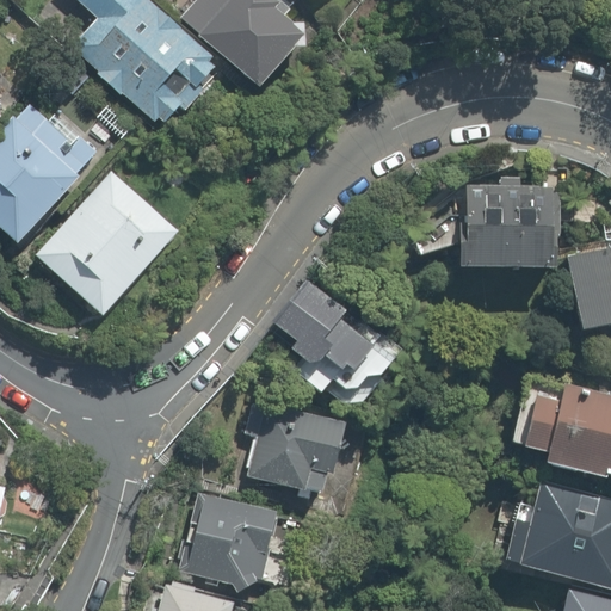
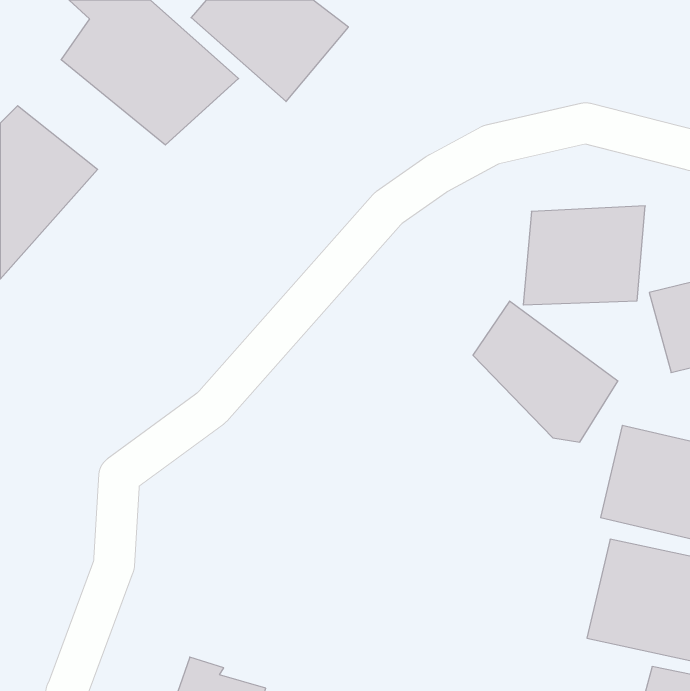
building: [26,173,168,315] -> none
building: [279,280,407,405] -> [473,301,618,442]
building: [249,399,352,492] -> none
building: [179,493,286,593] -> none

